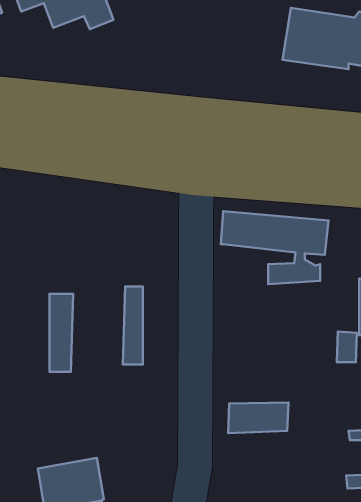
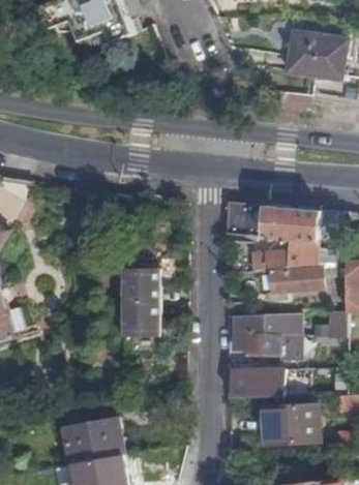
building: none -> [265,267,323,299]
building: [50,294,73,372] -> [121,269,142,337]
building: none -> [234,312,302,359]
building: none -> [266,405,321,445]

